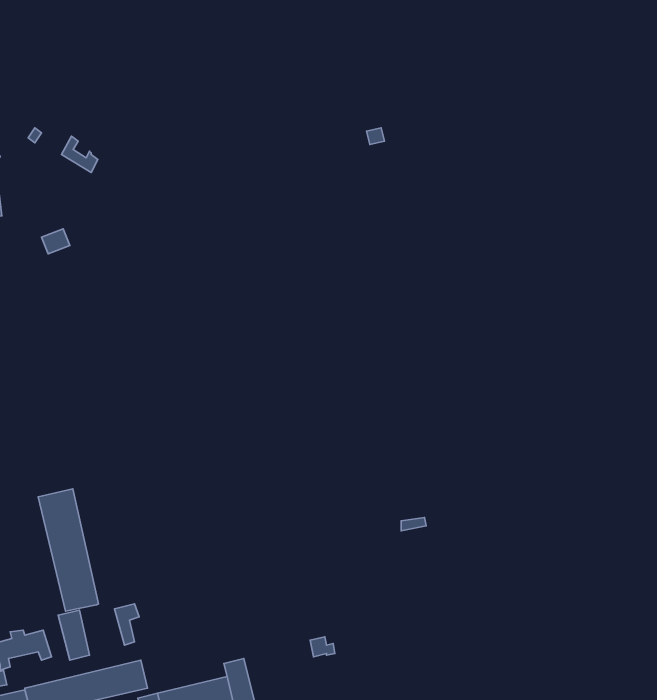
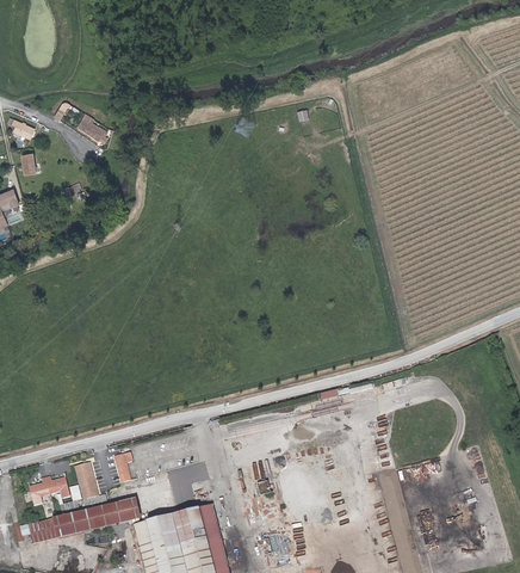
building: [38,489,98,611] -> none

